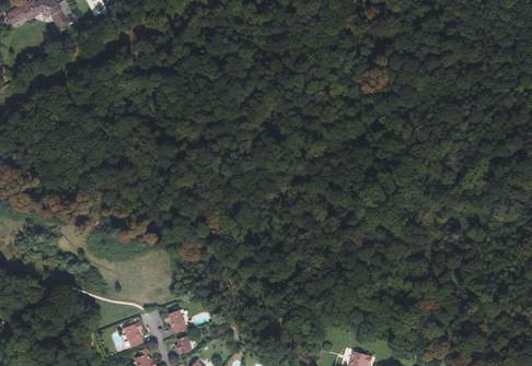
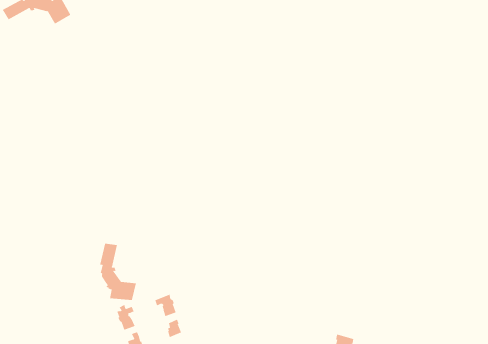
building: none -> [100,243,136,301]

